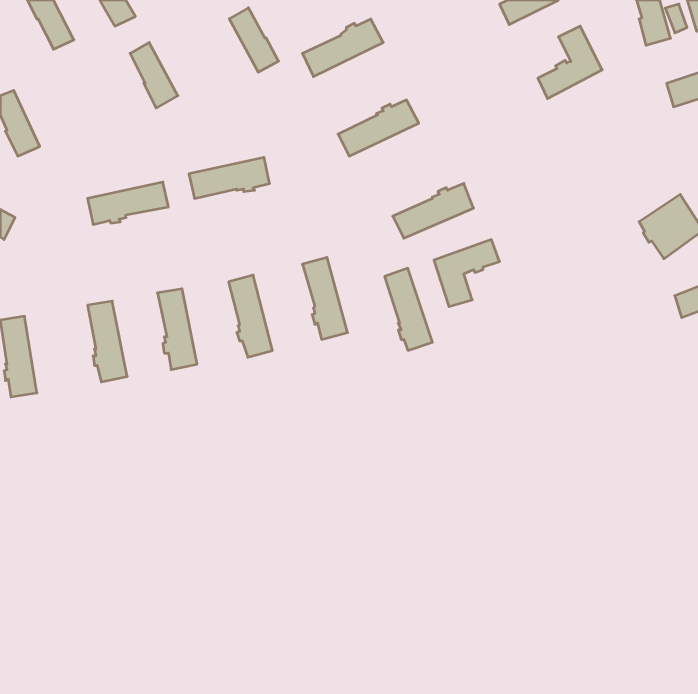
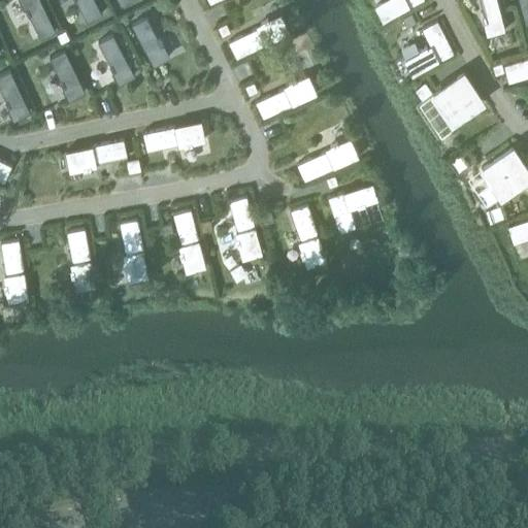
building: [229,8,279,72] -> [132,19,169,67]
building: none -> [51,53,86,102]
building: none -> [434,76,483,124]

